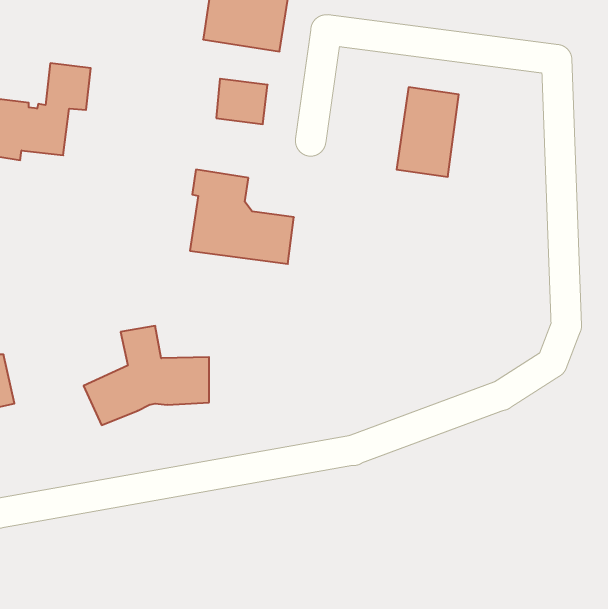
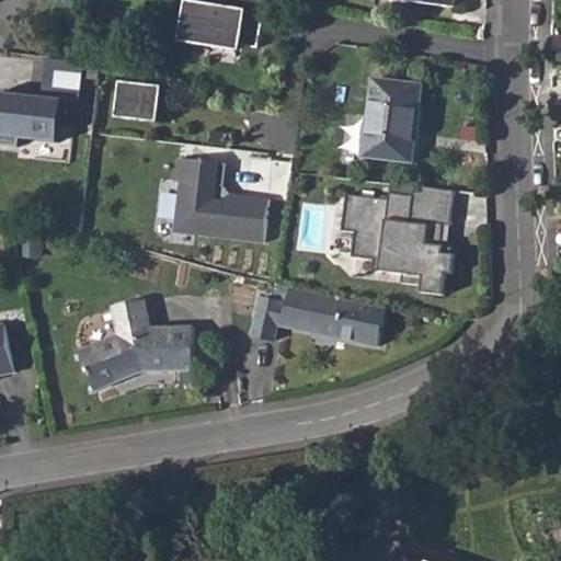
building: [216,79,268,124] -> [111,80,158,122]
building: none -> [341,183,454,285]
building: none -> [248,287,381,346]

